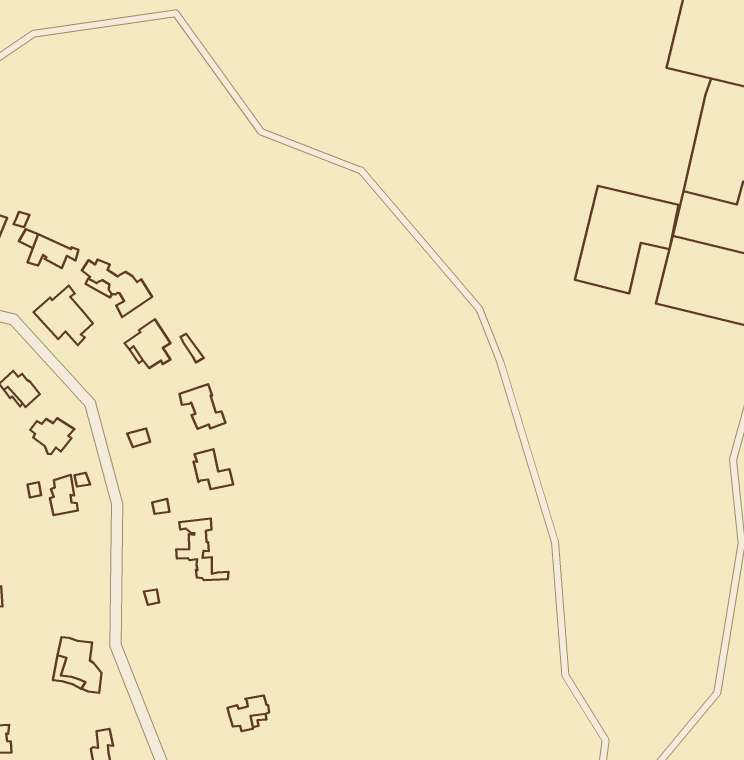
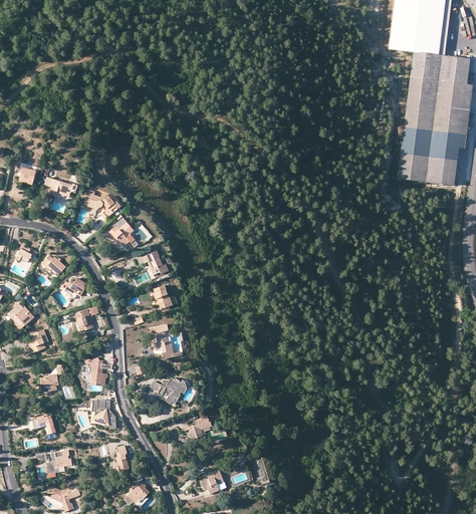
building: [575,186,679,293] -> none
building: [34,286,93,345] -> none
building: none -> [81,357,111,383]
building: none -> [151,377,185,404]

